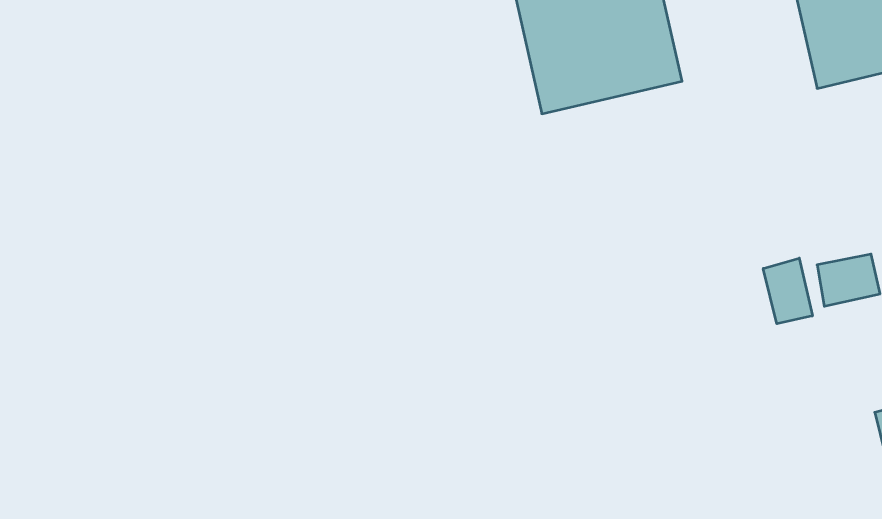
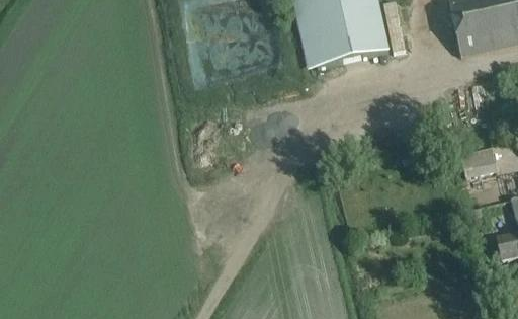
building: [763,258,812,324] -> none

